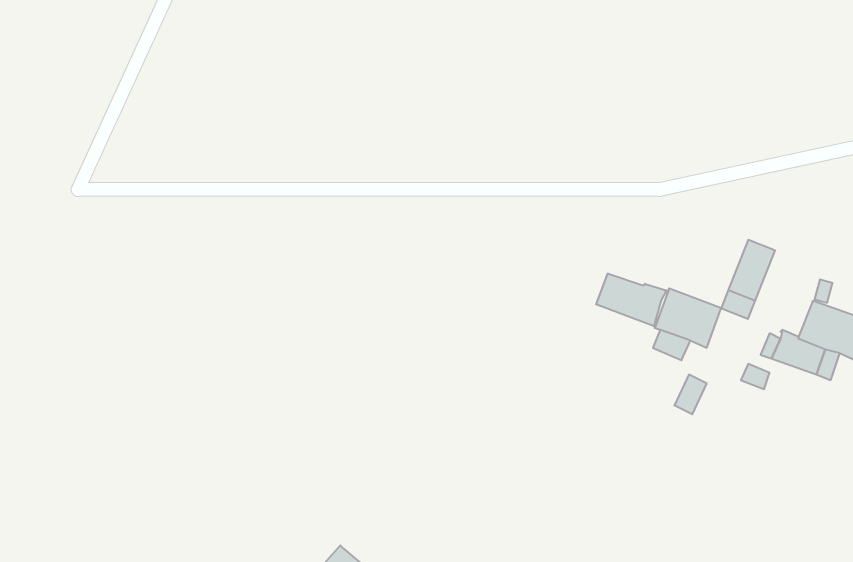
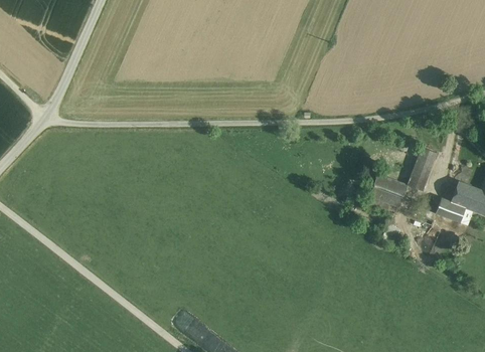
building: [596,273,667,326] -> none

